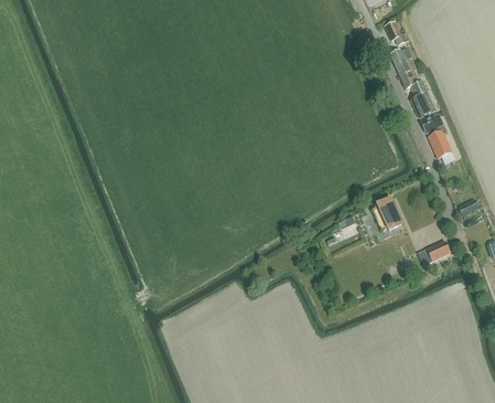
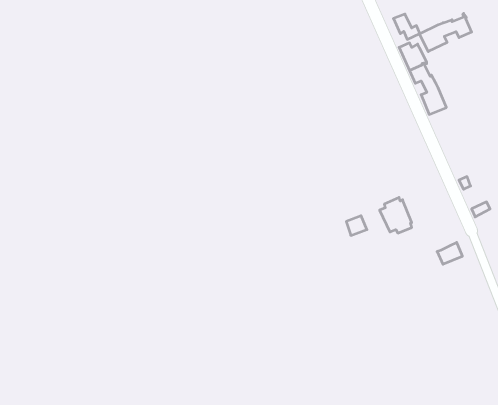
building: none -> [419,13,472,52]
building: [421,113,452,158] -> none

